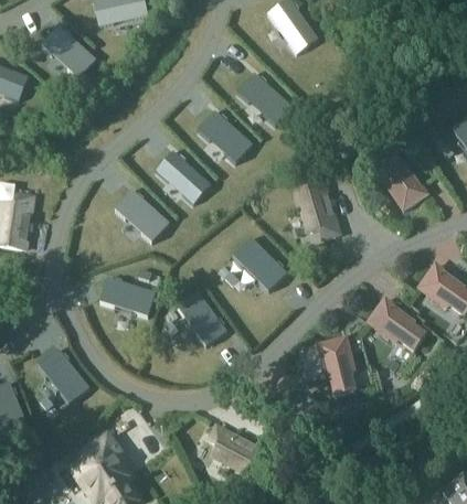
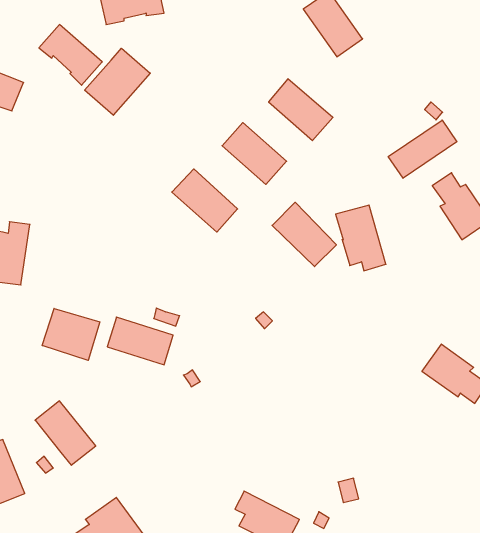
building: none -> [85,48,150,115]
building: none -> [388,120,457,178]
building: [114,189,169,242] -> none
building: [232,236,287,291] -> [272,202,336,267]
building: none -> [42,308,100,360]
building: [176,290,226,345] -> none
building: [318,337,354,394] -> none

